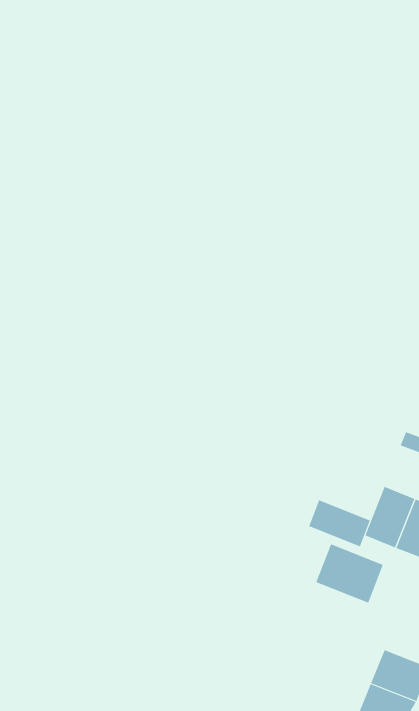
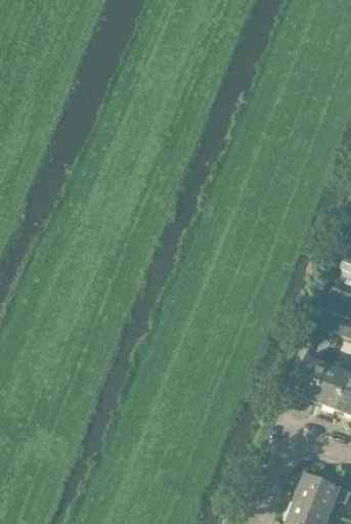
building: [308,500,371,547] -> none
building: [316,544,384,604] -> none

